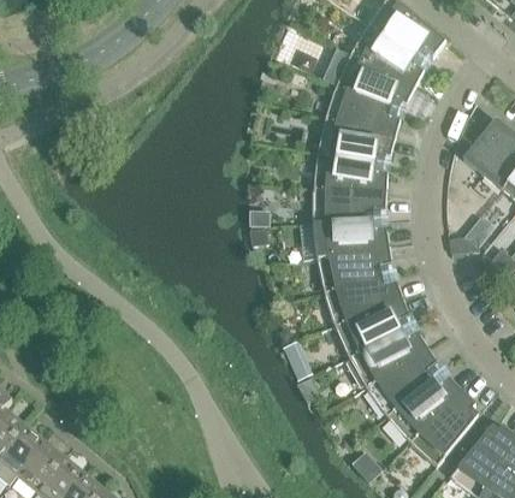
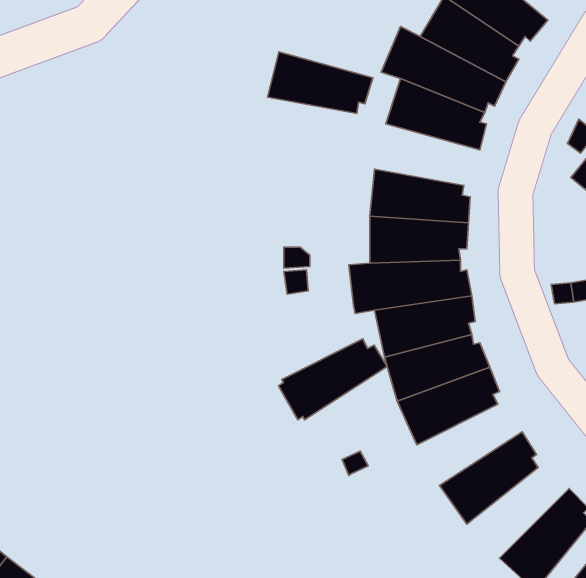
building: [318,119,396,165] -> [268,52,373,113]
building: [347,327,427,387] -> [279,339,387,420]
building: [386,374,462,441] -> none

